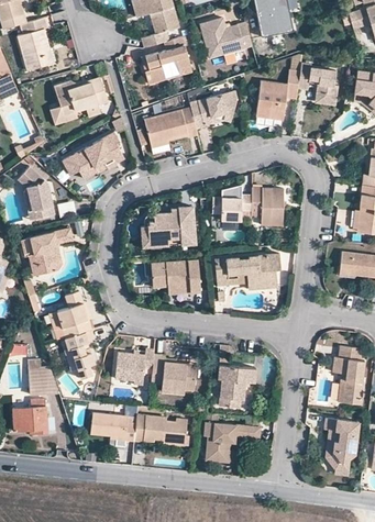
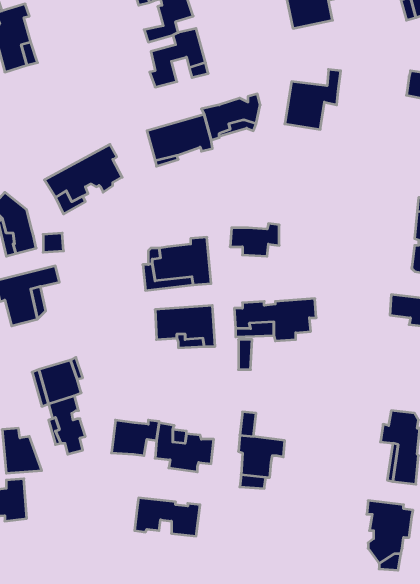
building: [201,20,254,59] -> none
building: [298,64,335,102] -> none
building: [55,79,108,115] -> none
building: [251,188,284,226] -> none
building: [91,413,136,442] -> none
building: [203,423,260,463] -> none

